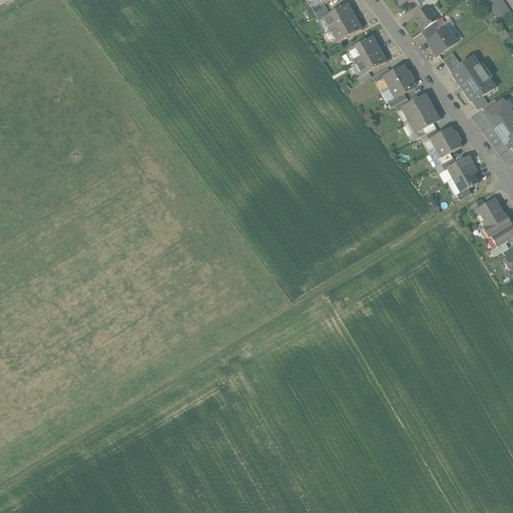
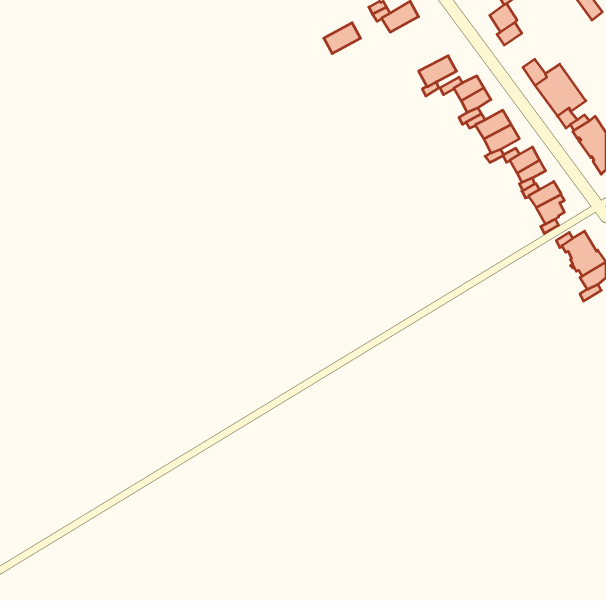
building: [330,14,361,40] -> [324,23,361,54]
building: [426,25,456,53] -> none
building: [348,34,379,60] -> none

